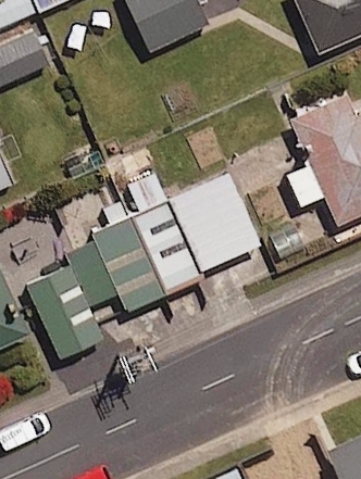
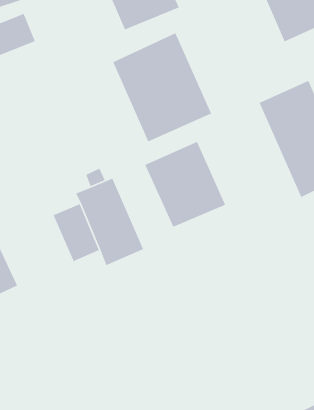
building: none -> [112,32,212,143]
building: [26,263,103,355] -> none

